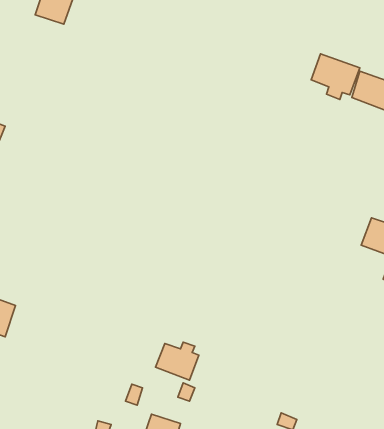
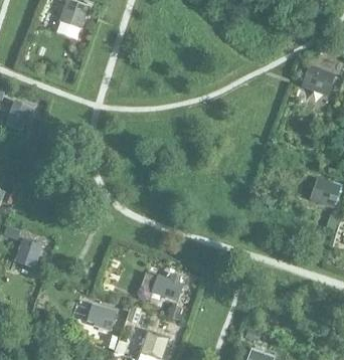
building: [311,54,360,100] -> none
building: none -> [87,304,117,332]

